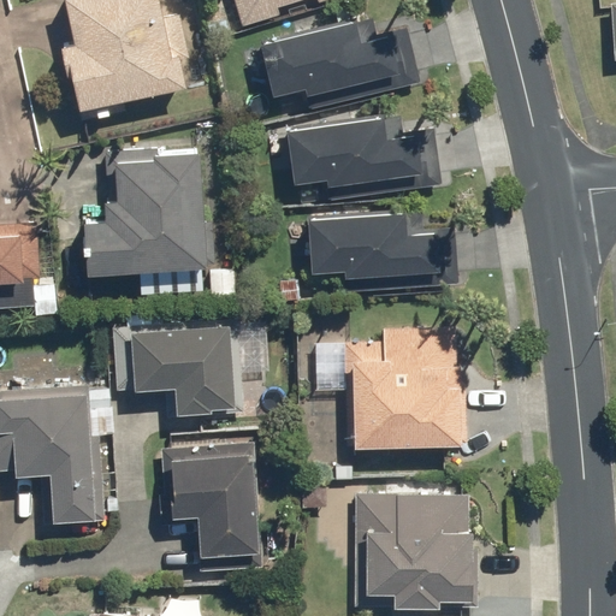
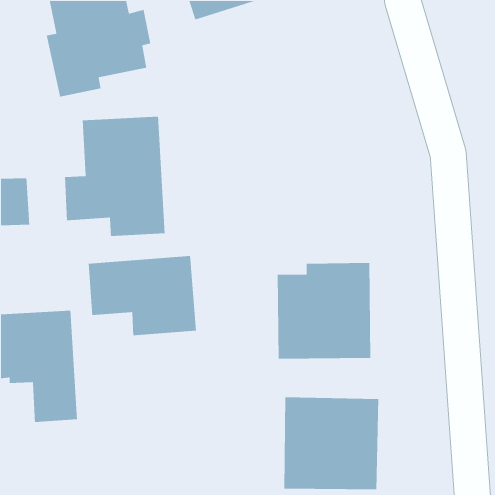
building: [260,16,422,111] -> none
building: [286,113,444,202] -> none
building: [307,211,460,295] -> none
building: [160,443,263,573] -> none

